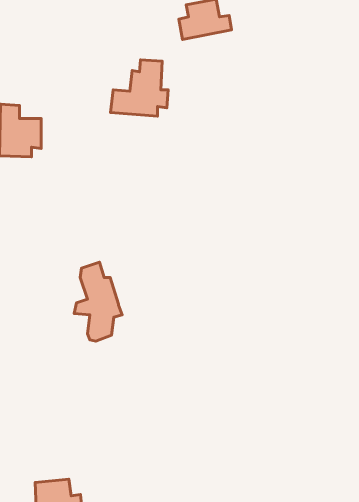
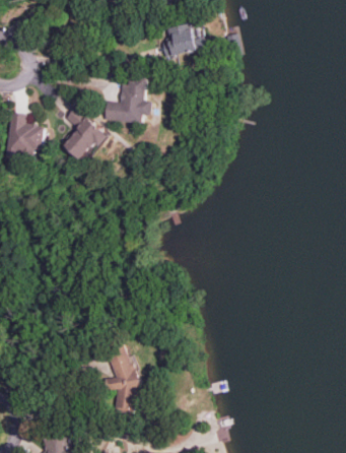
building: none -> [64,108,110,160]
building: [74,262,122,341] -> [103,346,144,413]

